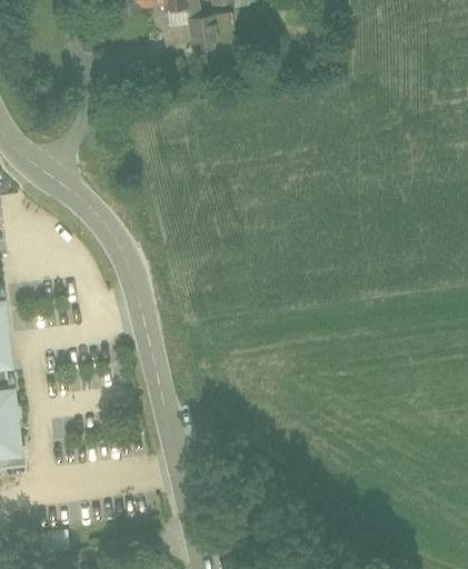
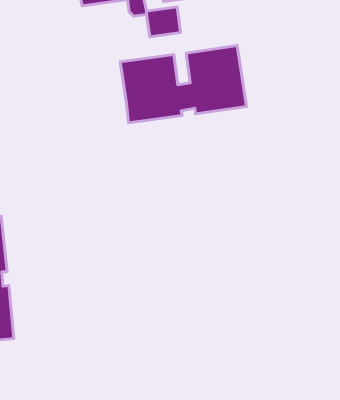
building: none -> [120,46,246,123]

